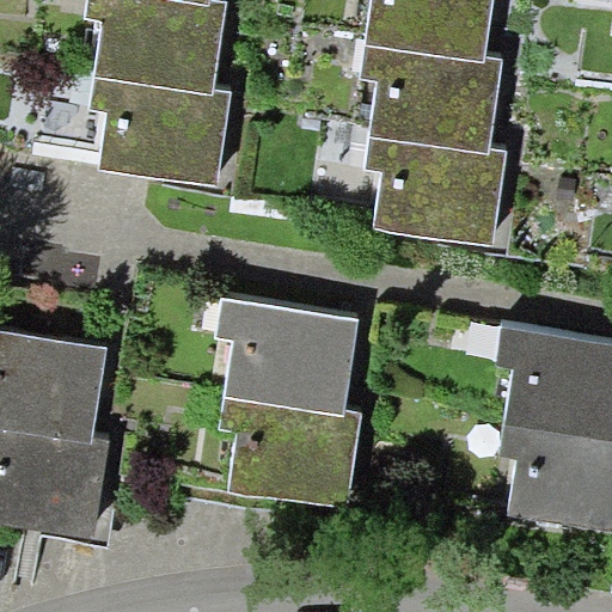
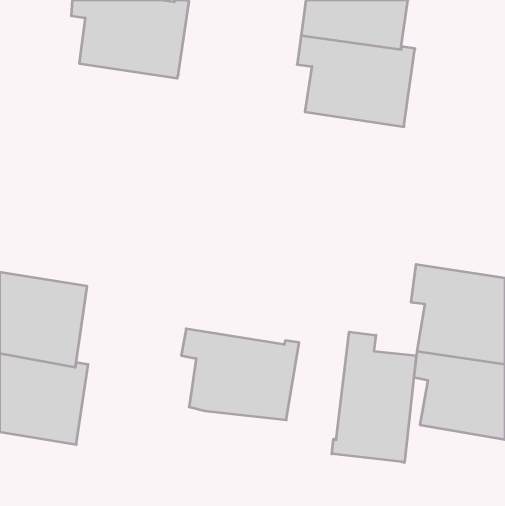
building: [91,76,232,186] -> none
building: [362,135,506,244] -> none
building: [215,299,357,416] -> none
building: none -> [332,332,416,463]

